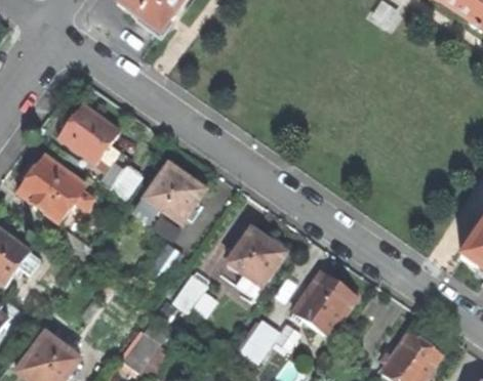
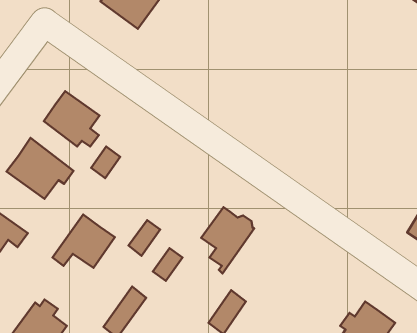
building: [138,164,207,222] -> [52,215,115,268]
building: [295,270,358,335] -> none

